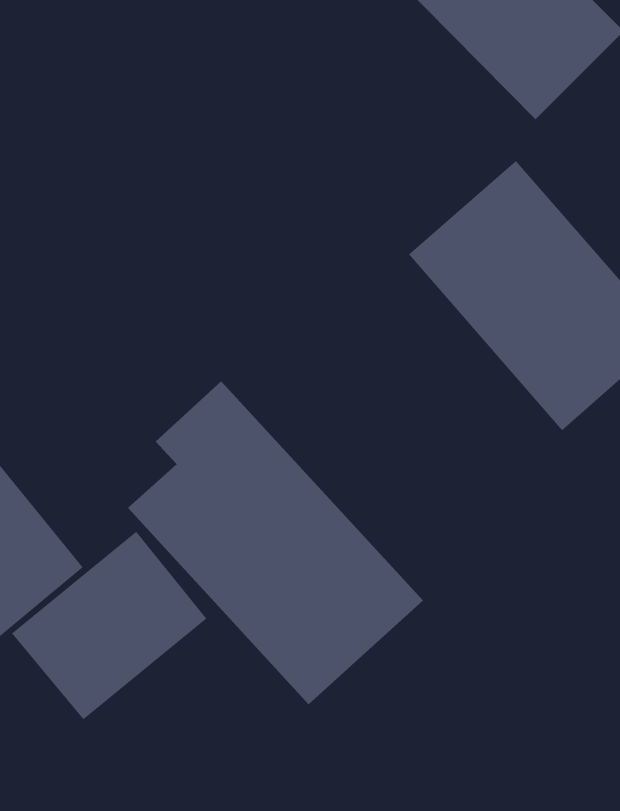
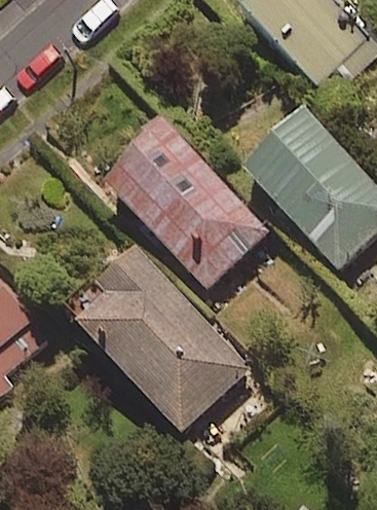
building: none -> [99,116,267,288]
building: [11,531,207,720] -> none

